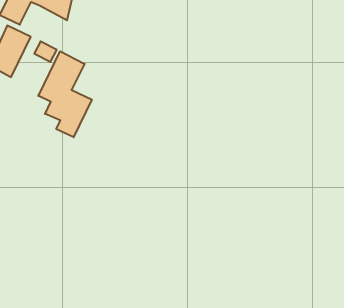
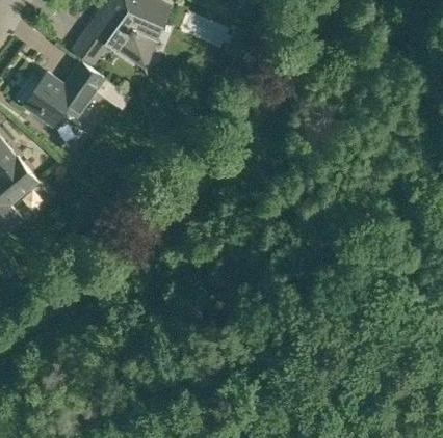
building: [38,51,92,137] -> none

